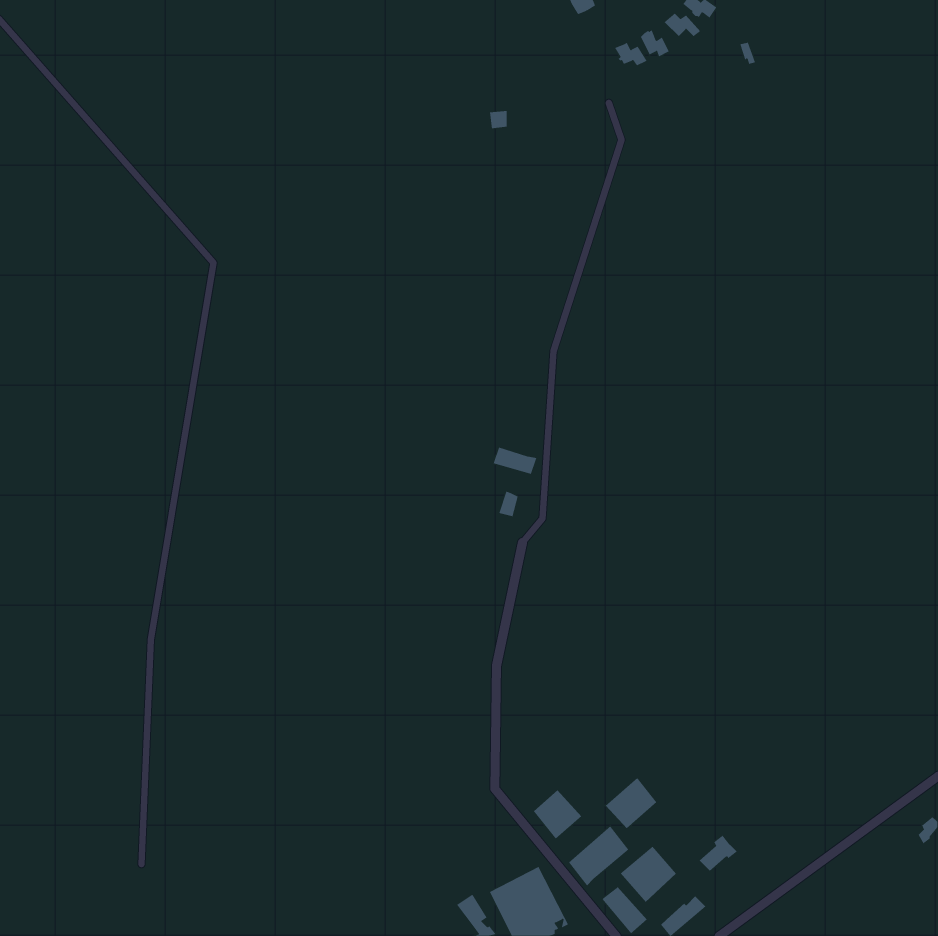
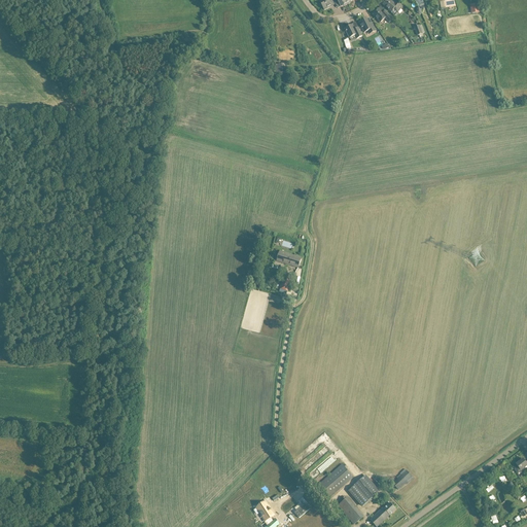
building: [605,777,657,829] -> none
building: [533,790,582,839] -> none

